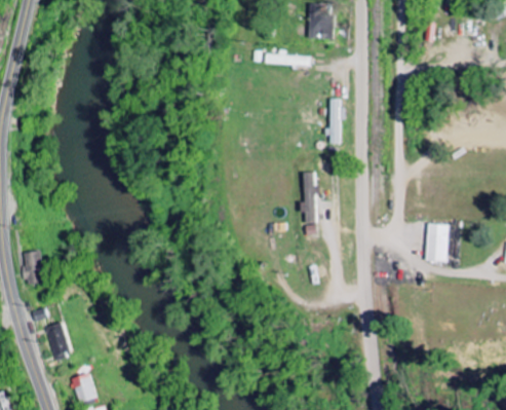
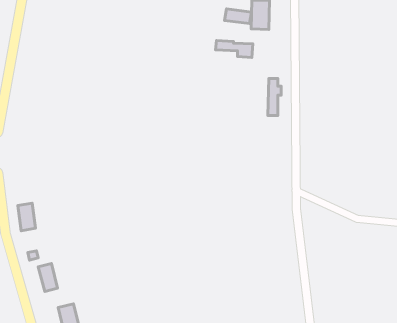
building: none -> [225,9,251,24]
building: [300,172,317,224] -> none
building: [425,224,447,262] -> none

